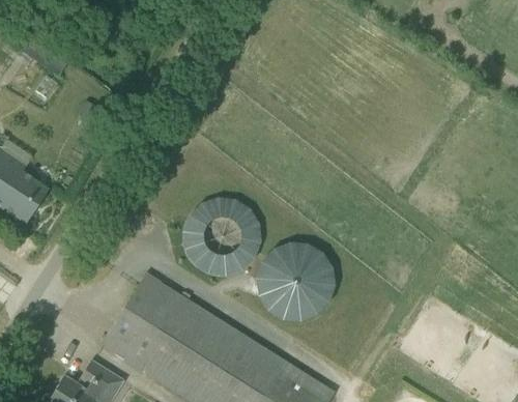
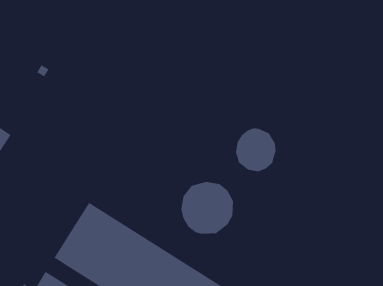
building: none -> [235,128,277,172]
building: [175,190,264,282] -> none

